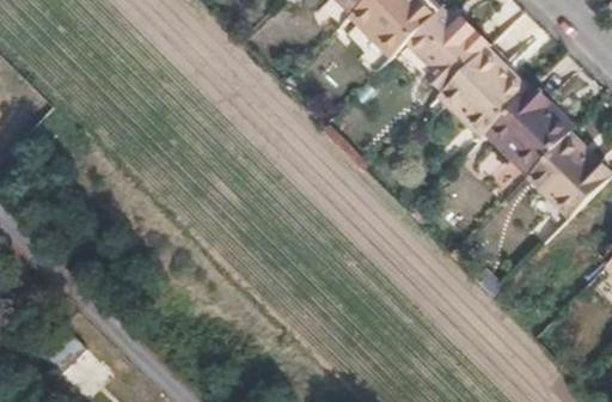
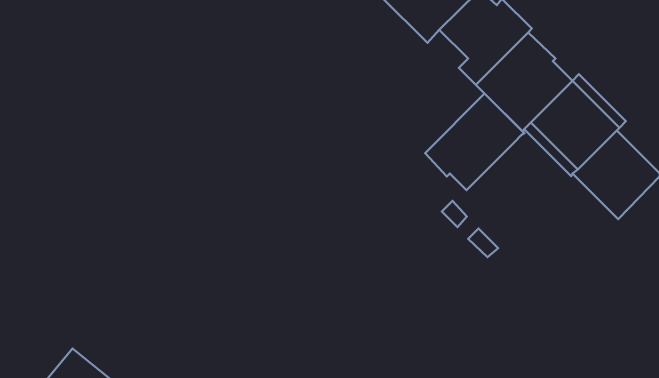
building: none -> [425,93,524,190]

